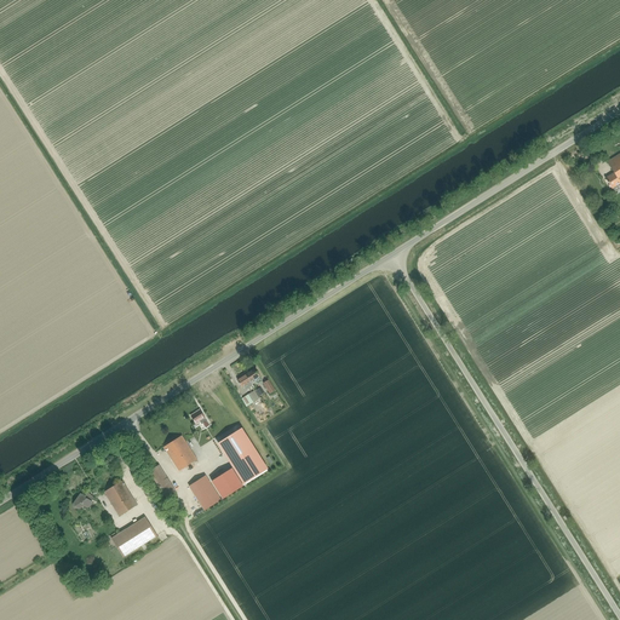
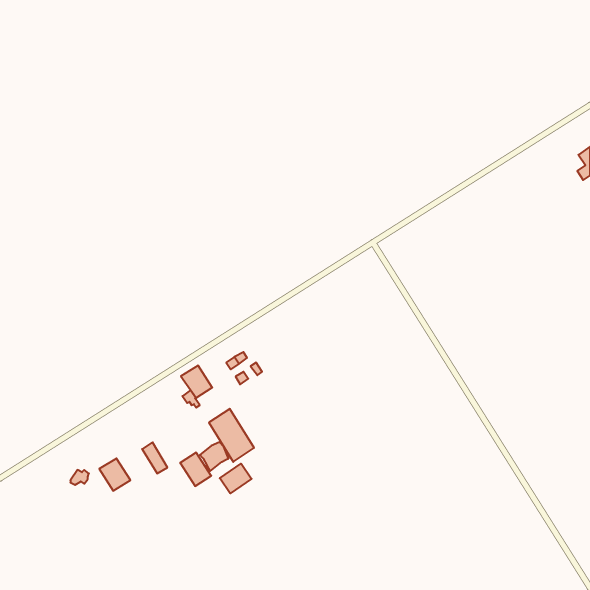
building: [163,436,196,470] -> [181,366,212,398]
building: none -> [220,464,252,493]
building: [111,516,157,557] -> none

